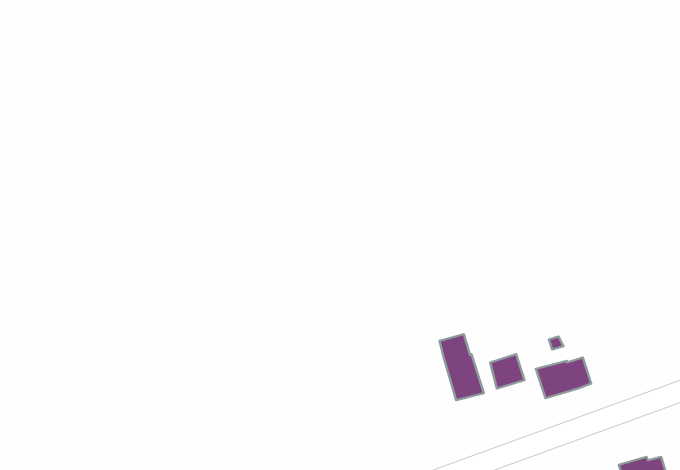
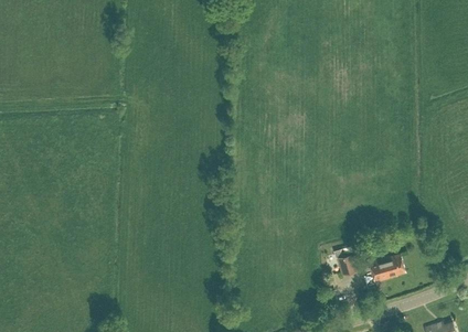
building: [440,334,484,400] -> none

